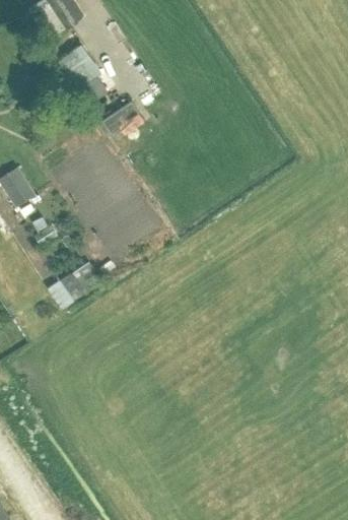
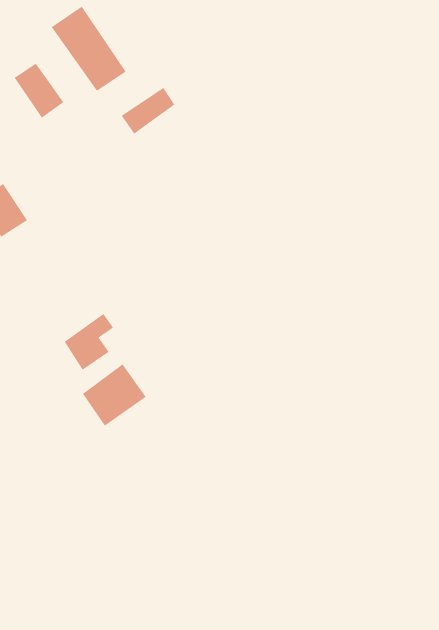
building: none -> [14,63,64,118]
building: none -> [82,363,147,426]

